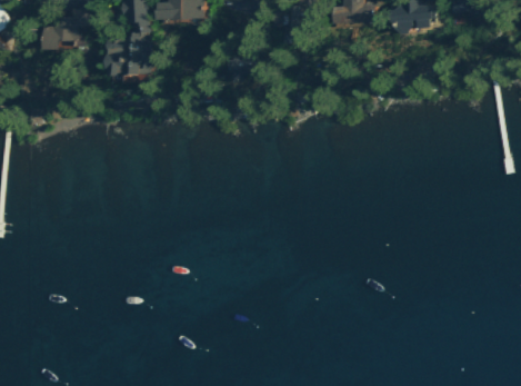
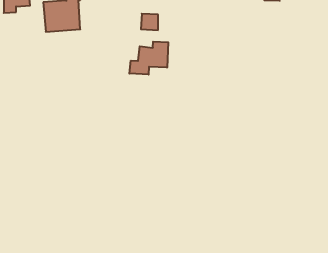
building: none -> [129,42,168,75]

